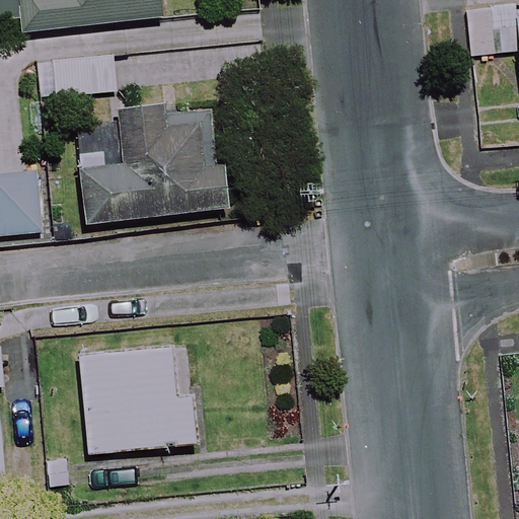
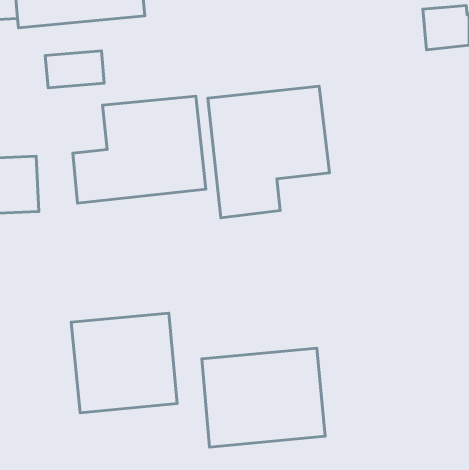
building: none -> [208,86,330,218]
building: none -> [202,348,325,447]

